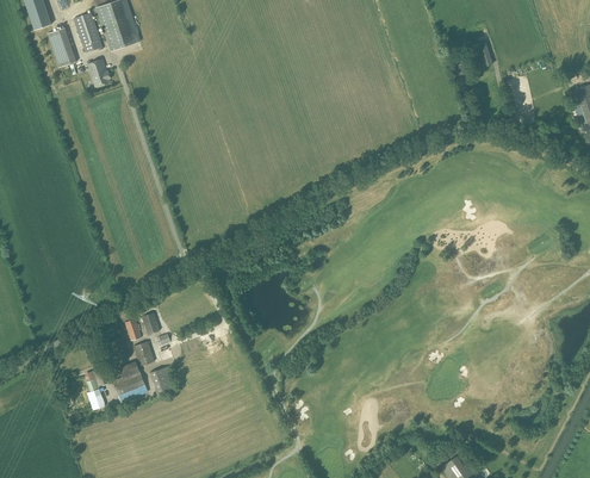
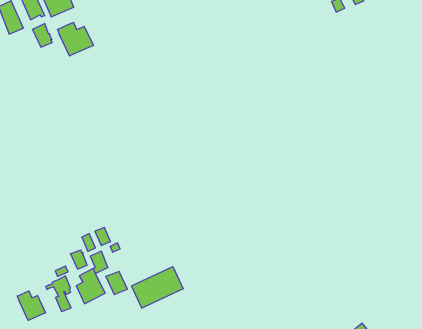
building: none -> [57,22,93,56]
building: none -> [132,267,183,308]
building: none -> [17,291,46,320]

